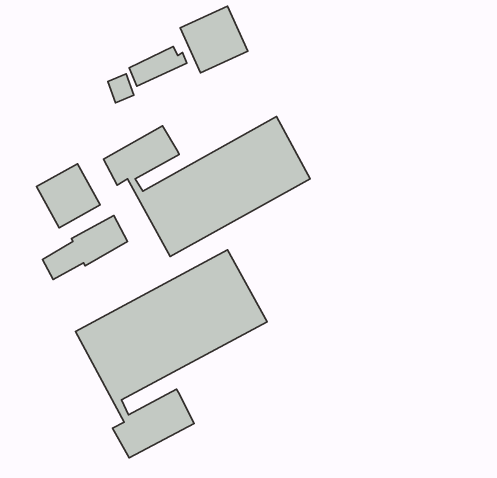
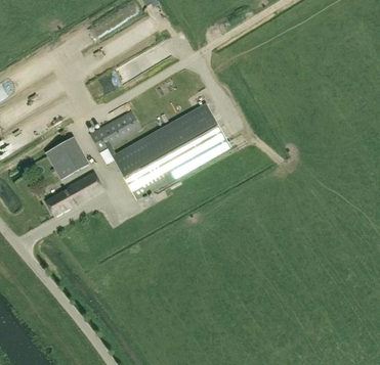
building: [180,6,248,73] -> none
building: [75,250,267,458] -> none

